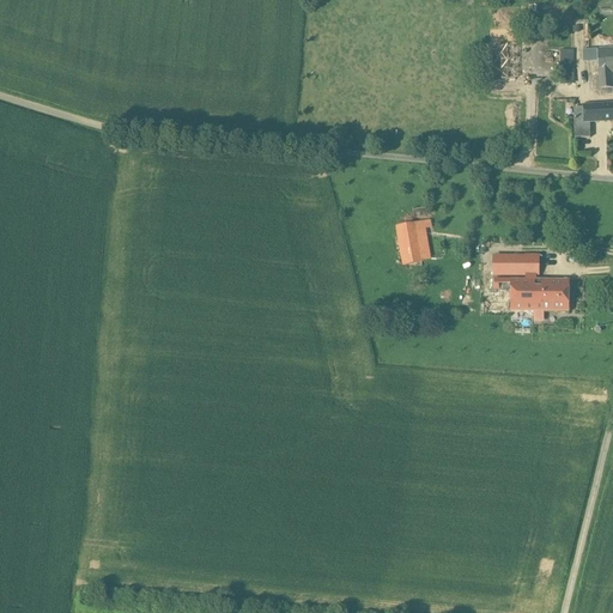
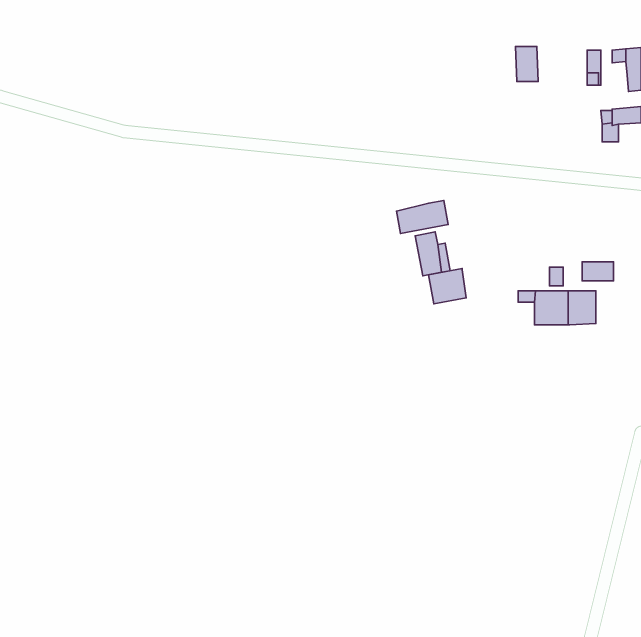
building: none -> [397,201,448,233]
building: [494,255,524,273] -> [582,262,614,281]
building: none -> [429,269,466,304]

